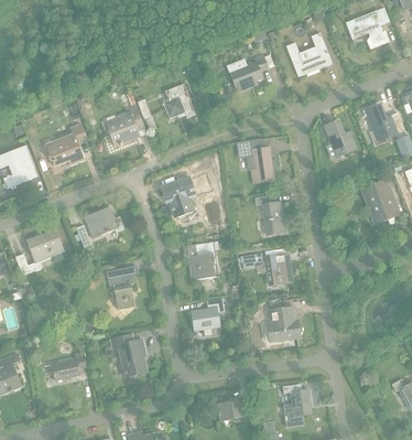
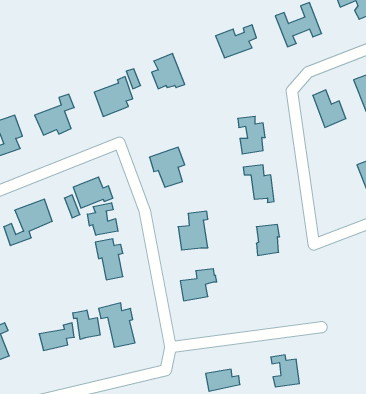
building: none -> [87,203,118,235]
building: [267,307,299,340] -> none
building: none -> [73,310,100,339]

